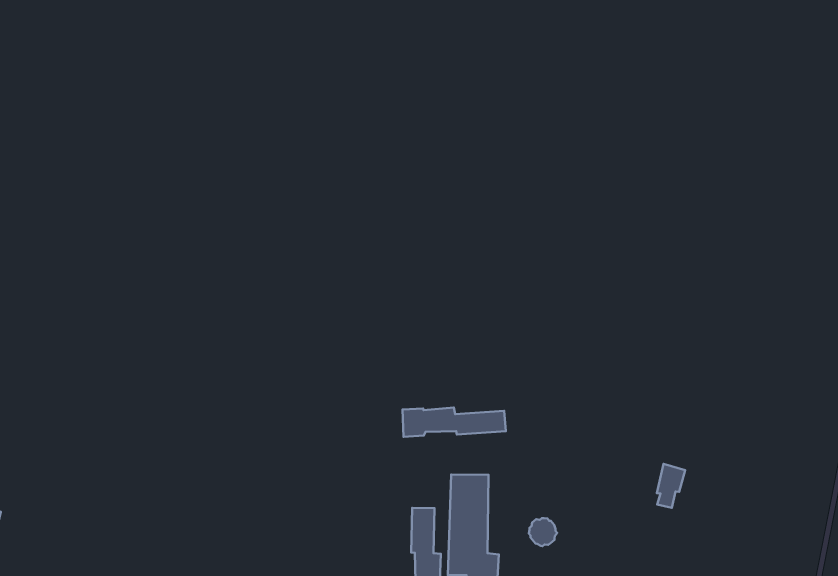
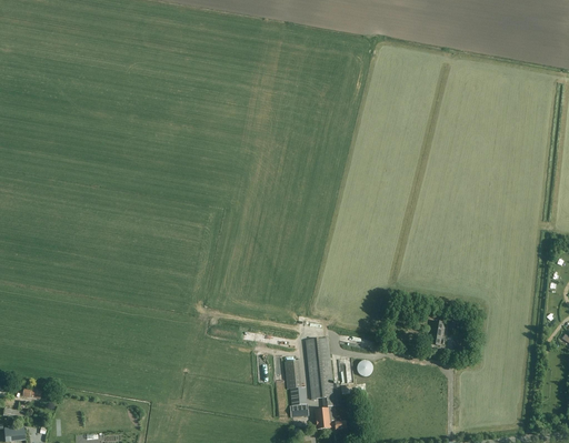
building: [403,408,506,437] -> none

